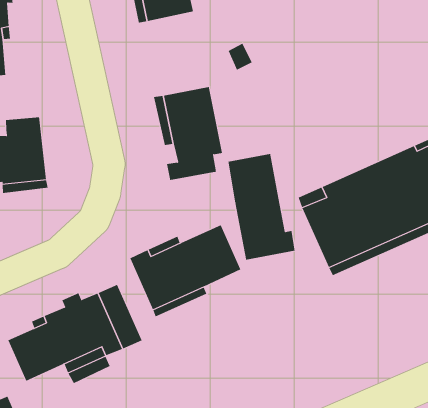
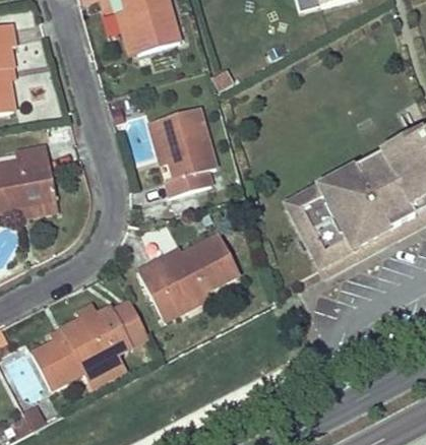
building: [228,153,295,260] -> none

